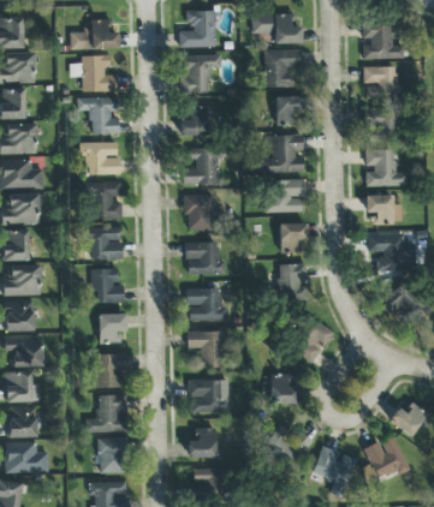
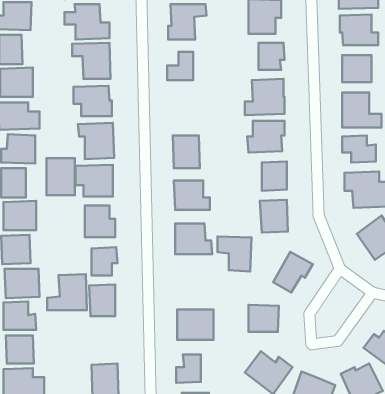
building: [183,148,220,185] -> none
building: none -> [46,158,75,195]
building: [188,330,224,368] -> [218,236,251,271]
building: [85,394,127,433] -> [47,274,87,310]

